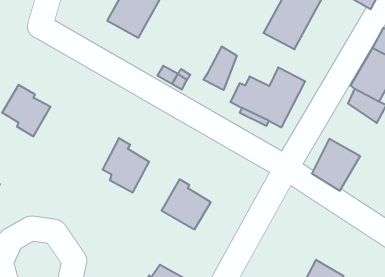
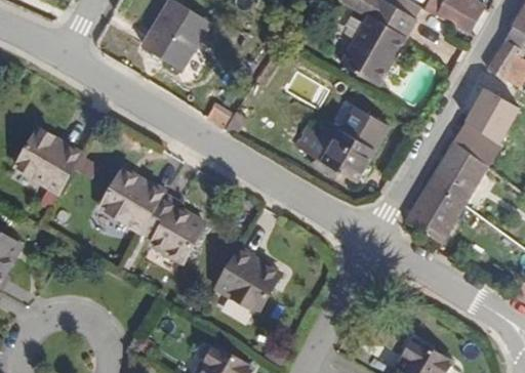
building: [204,46,237,90] -> none
building: none -> [425,150,484,215]
building: none -> [98,171,162,232]

